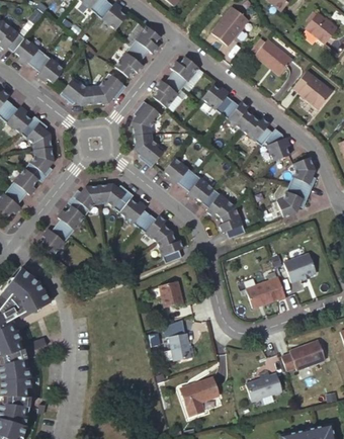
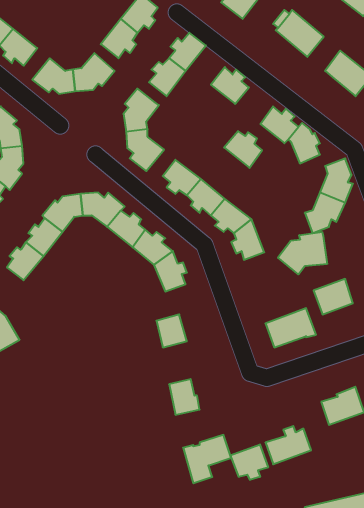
building: [222,100,252,129] -> [224,131,262,168]
building: none -> [278,232,327,274]
building: none -> [230,444,268,480]

